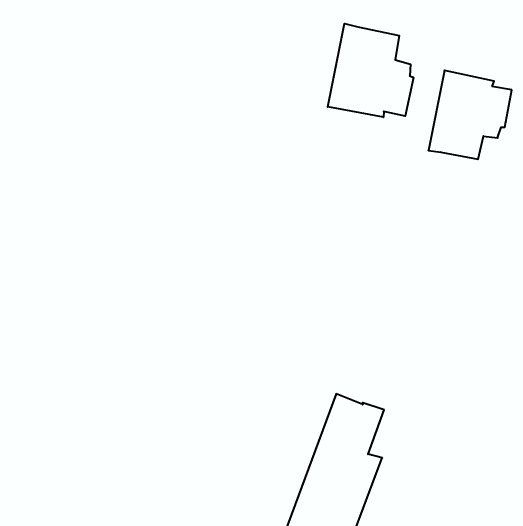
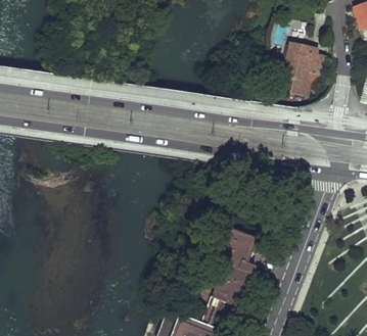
building: [328,24,413,117] -> none

